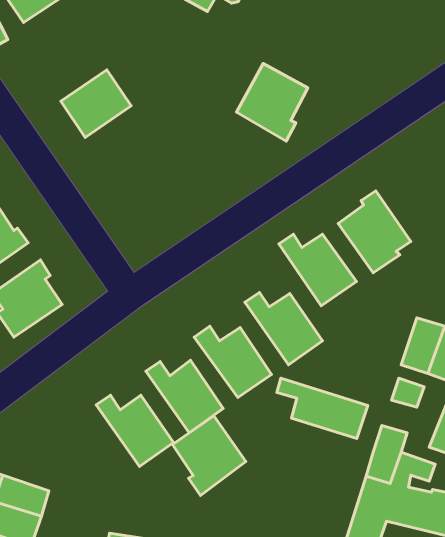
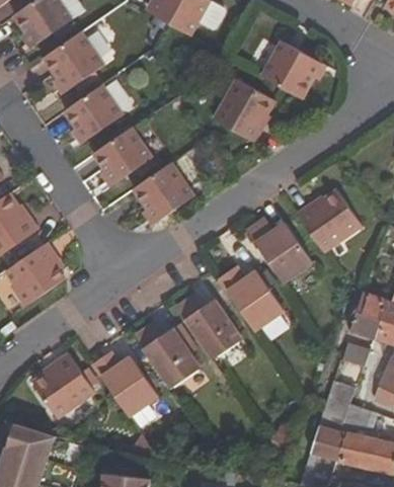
building: none -> [44,31,104,91]
building: none -> [262,42,322,100]
building: none -> [94,128,152,183]
building: none -> [133,162,193,221]
building: [277,378,368,439] -> none
building: none -> [30,354,96,415]
building: [172,416,246,495] -> none

